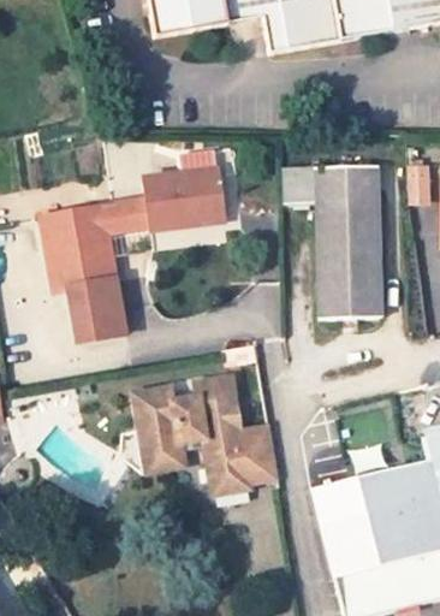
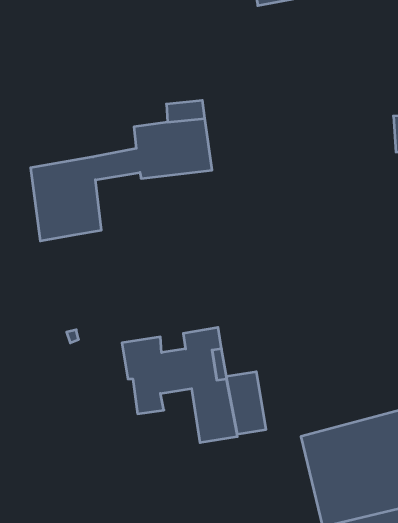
building: [286,165,386,318] -> none
building: [87,279,121,343] -> none

